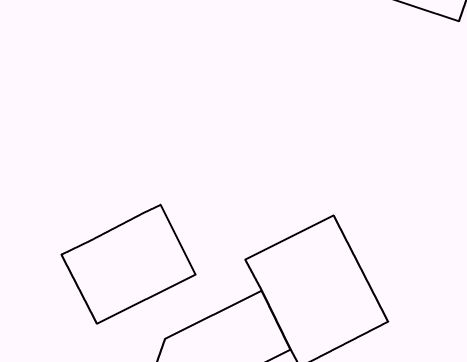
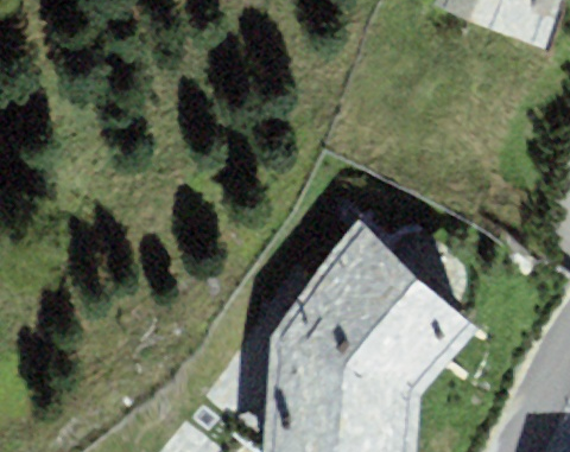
building: [62,205,196,324] -> none

